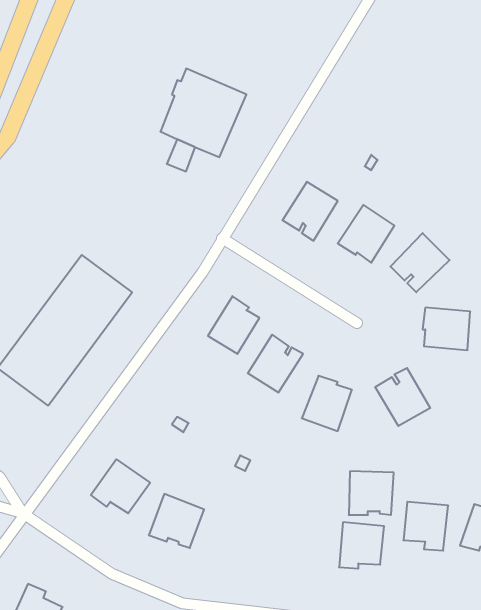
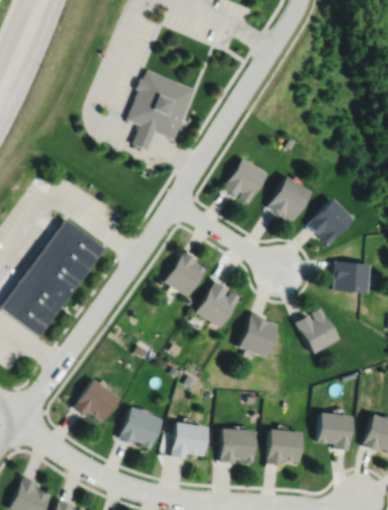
building: [349,471,394,515] -> [220,428,256,462]
building: none -> [171,421,208,458]

